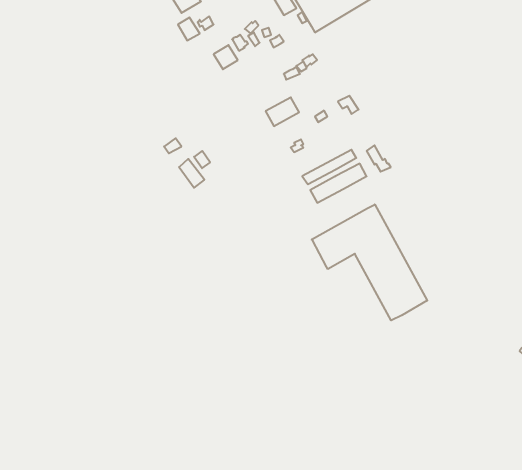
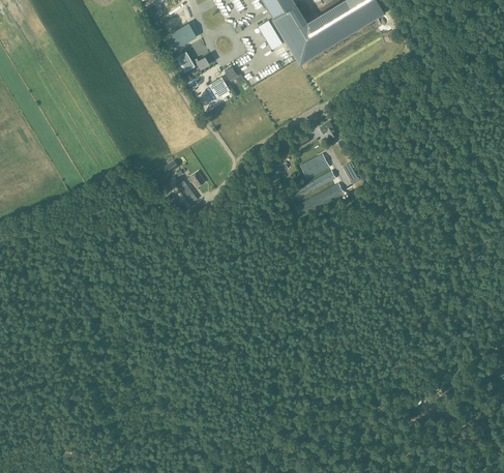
building: [266,97,299,126] -> [300,152,330,178]
building: [312,204,427,320] -> none

